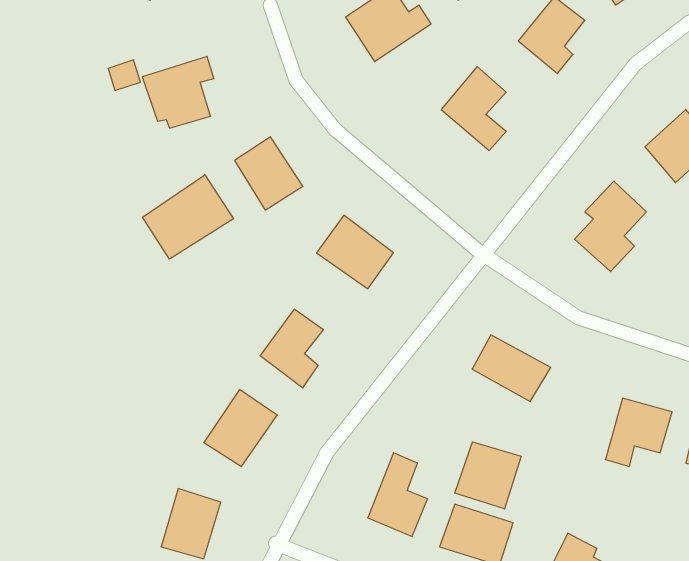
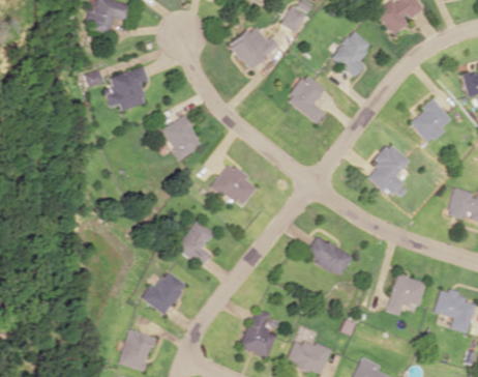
building: [143,175,234,259] -> none
building: [455,442,521,509] -> none

